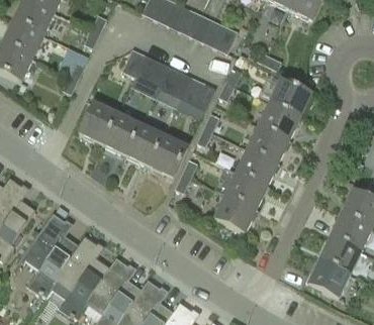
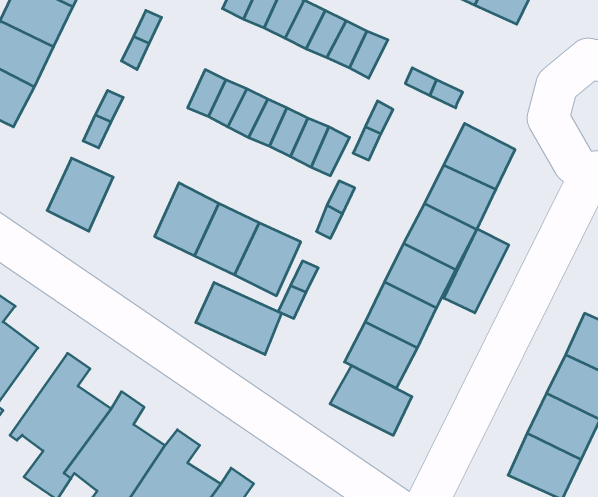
building: [79,102,117,144] -> [47,158,113,231]
building: none -> [444,229,509,313]
building: none -> [196,282,282,355]
building: none -> [330,365,412,435]

